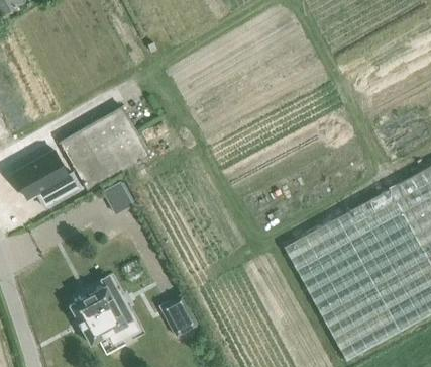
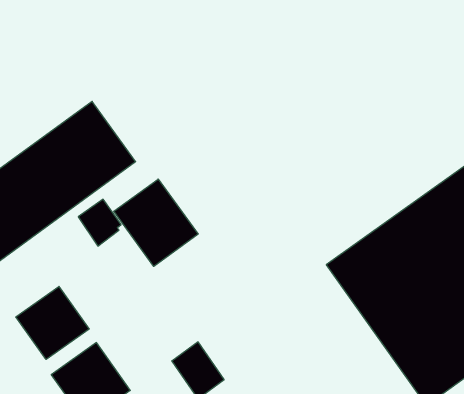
building: none -> [114,179,198,266]
building: none -> [16,286,89,359]

